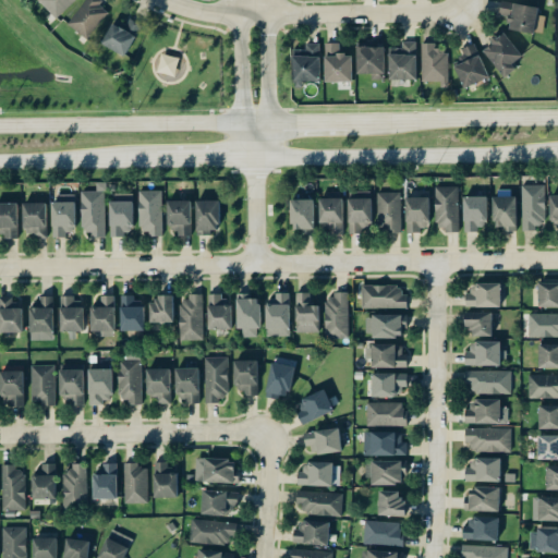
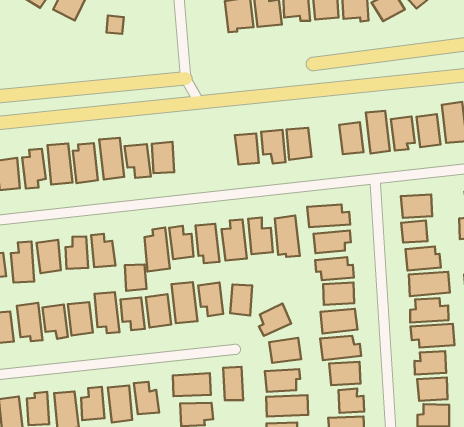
building: [378,192,401,232] -> none
building: [150,295,173,324] -> [125,264,147,291]
building: none -> [223,367,243,400]

